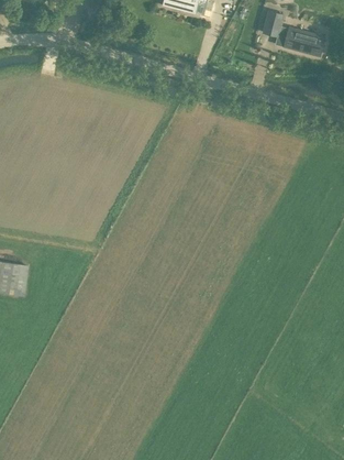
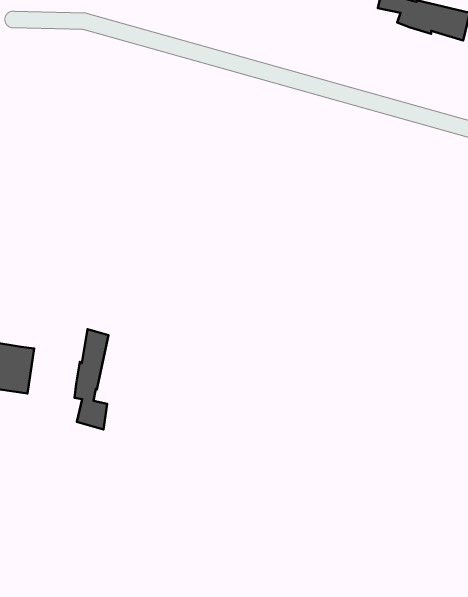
building: none -> [74,329,108,430]

